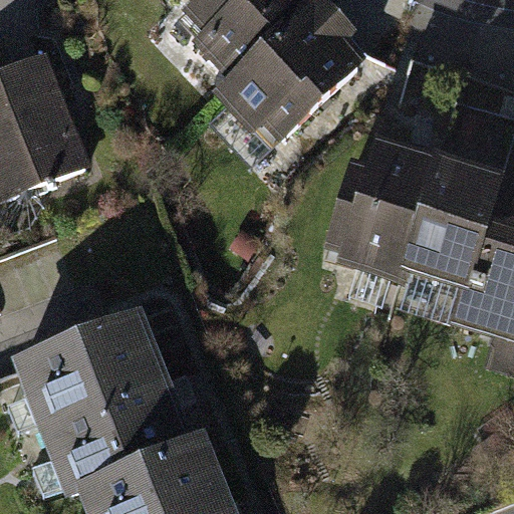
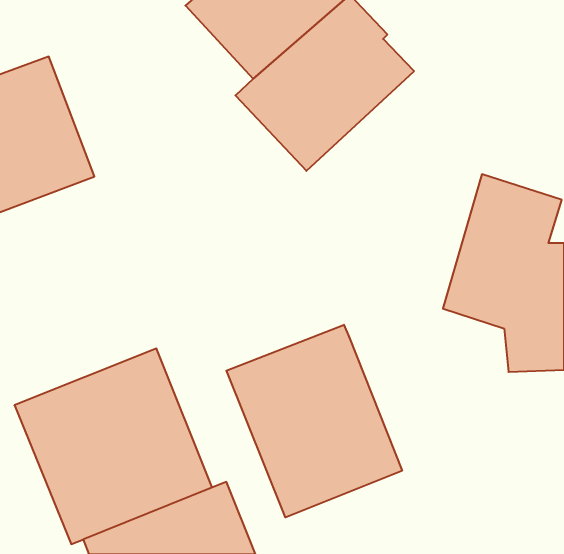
building: [328,138,436,279] -> none
building: none -> [226,325,402,517]

